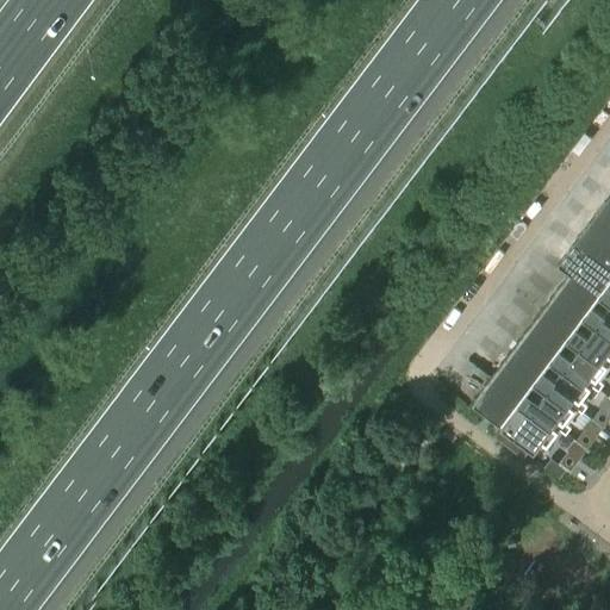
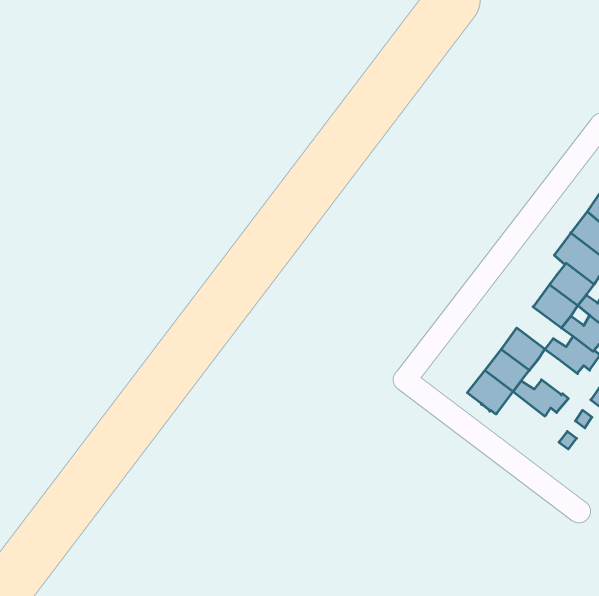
building: [525,316,571,359] -> none
building: [539,368,595,405] -> none
building: [498,402,561,456] -> none

